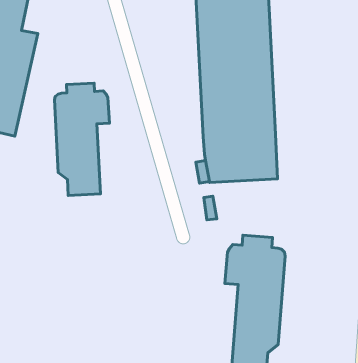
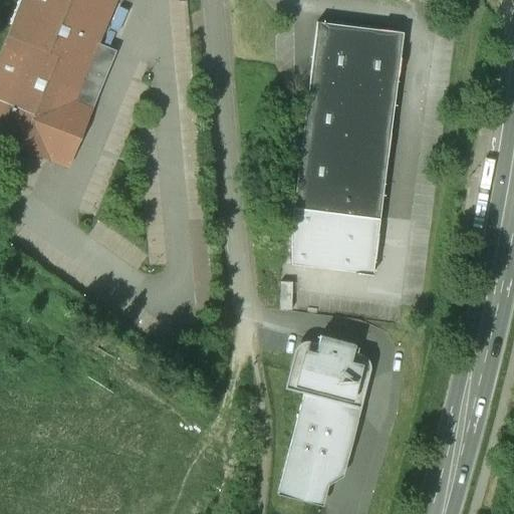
building: [54,83,110,196] -> none

